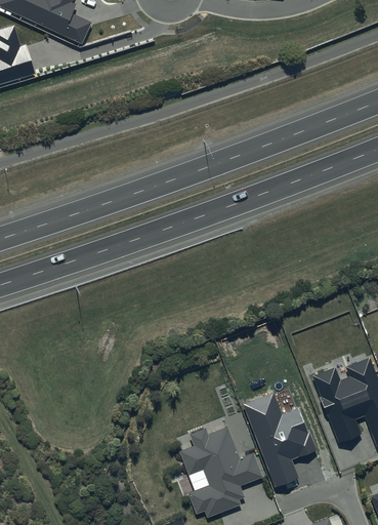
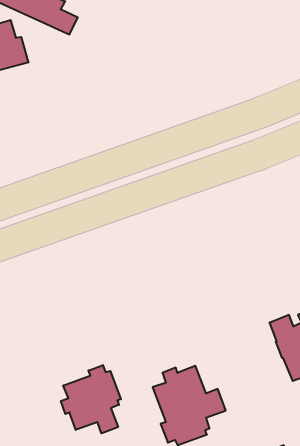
building: [244,394,318,489] -> none
building: none -> [61,365,121,433]

